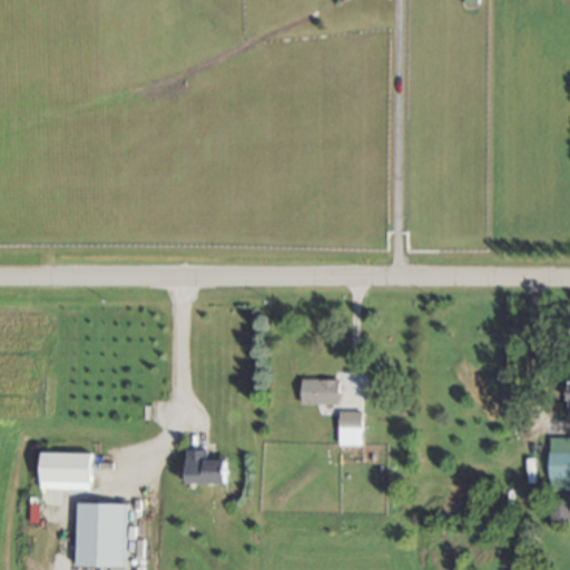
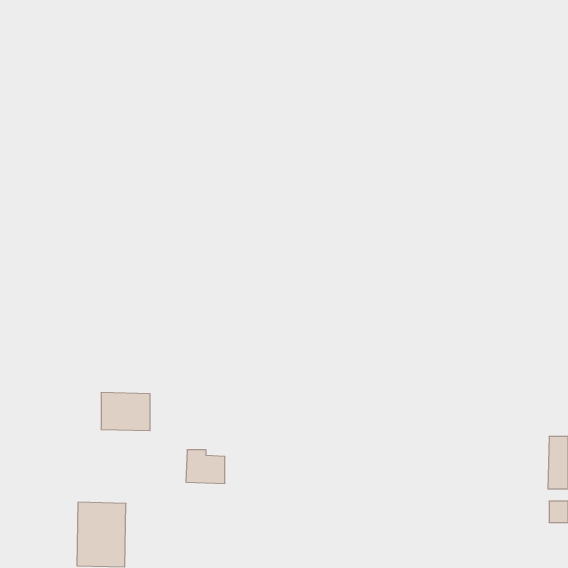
building: [301,379,338,404] -> none
building: [337,411,361,445] -> none
building: [41,452,90,490] -> [101,393,150,431]

